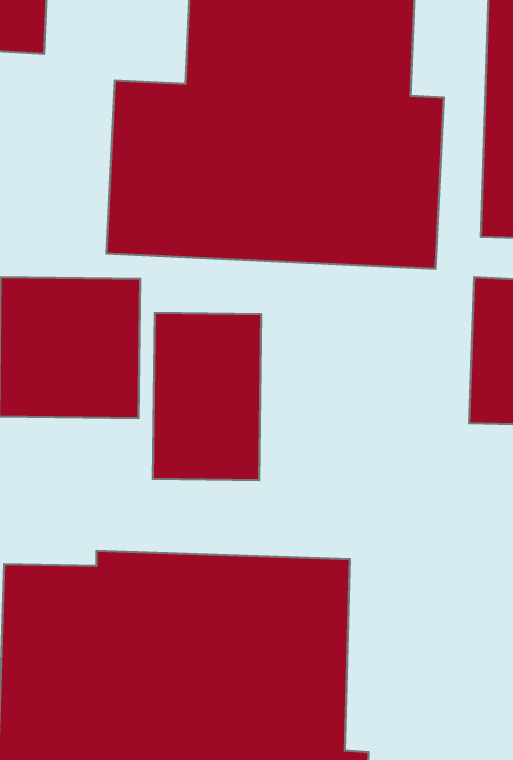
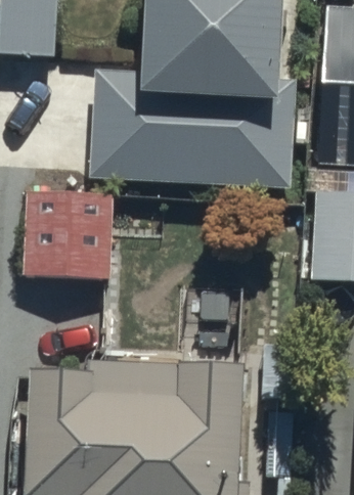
building: [153,313,261,480] -> none

